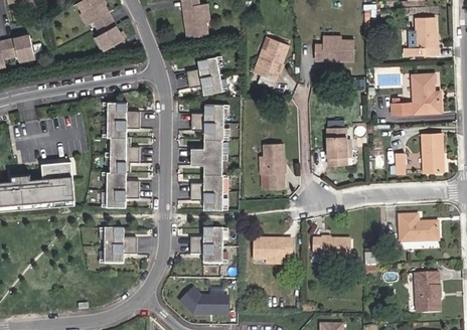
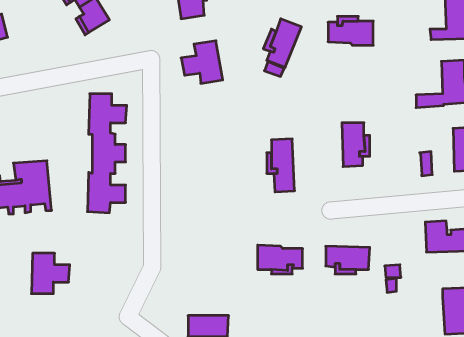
building: [190,104,224,208] -> none
building: [103,227,136,263] -> [31,253,70,294]
building: [190,228,222,264] -> none

